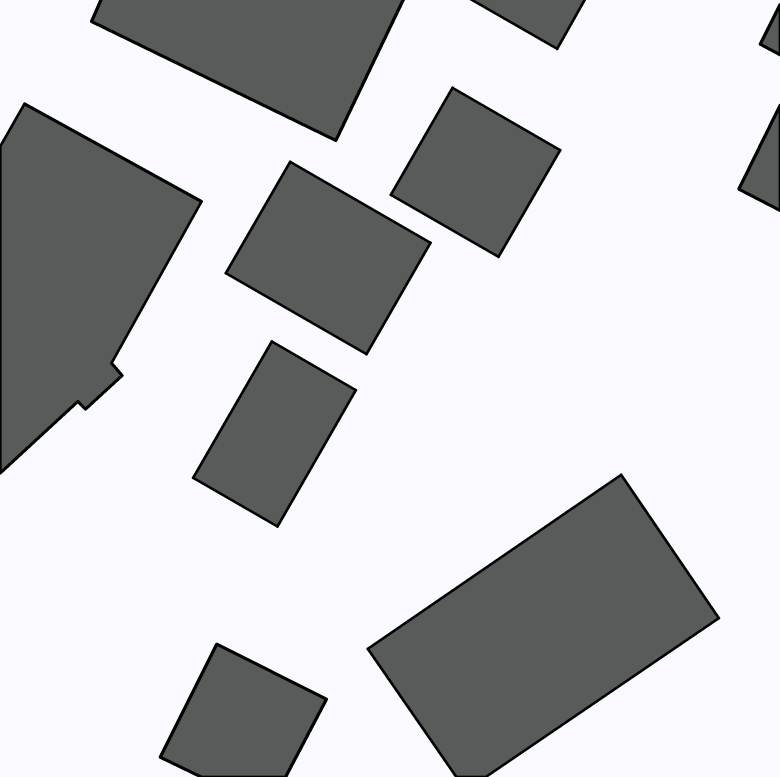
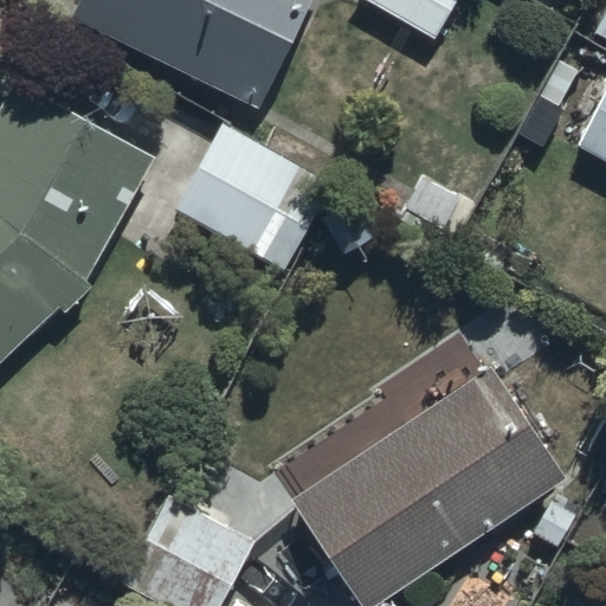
building: [391,88,560,257] -> none
building: [193,342,356,526] -> none

